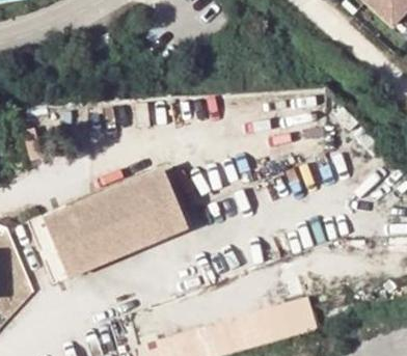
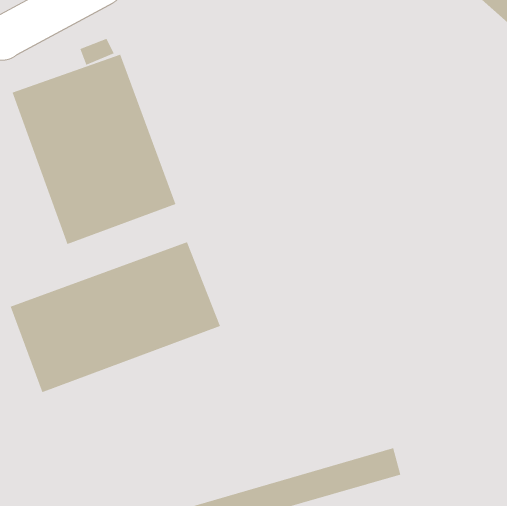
building: none -> [12,54,176,245]

